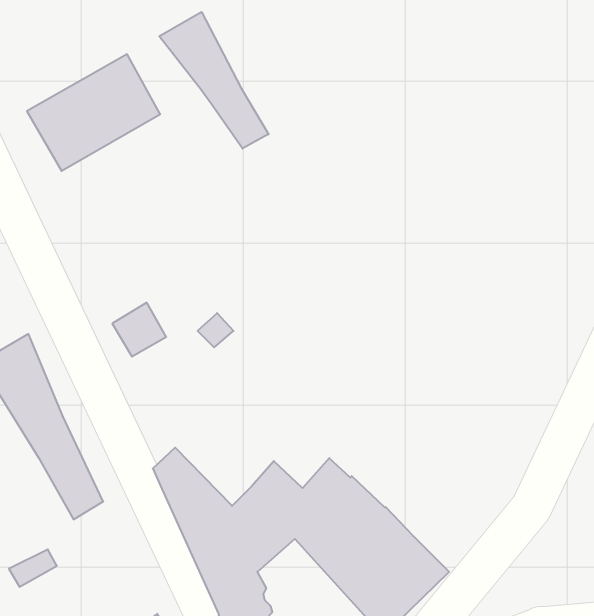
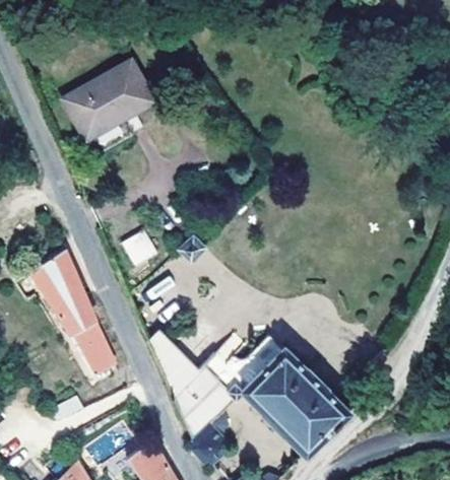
building: [159,12,269,149] -> none

